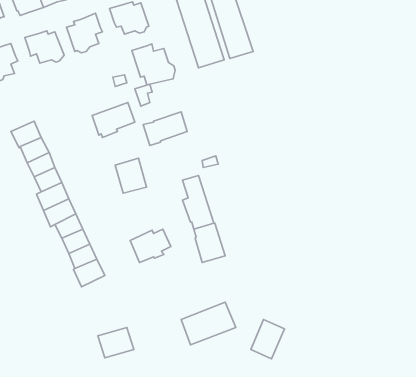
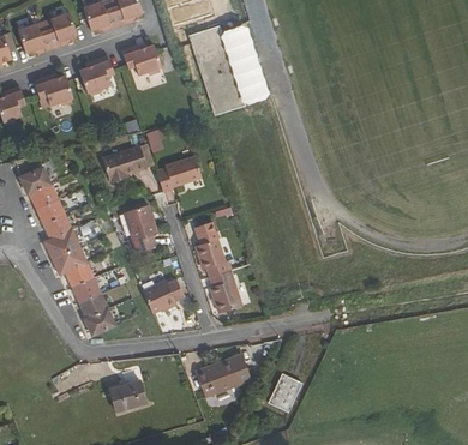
building: [132,44,175,85] -> none

